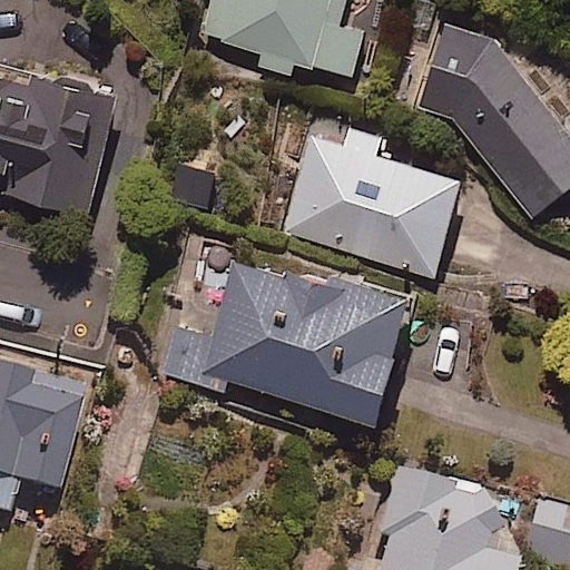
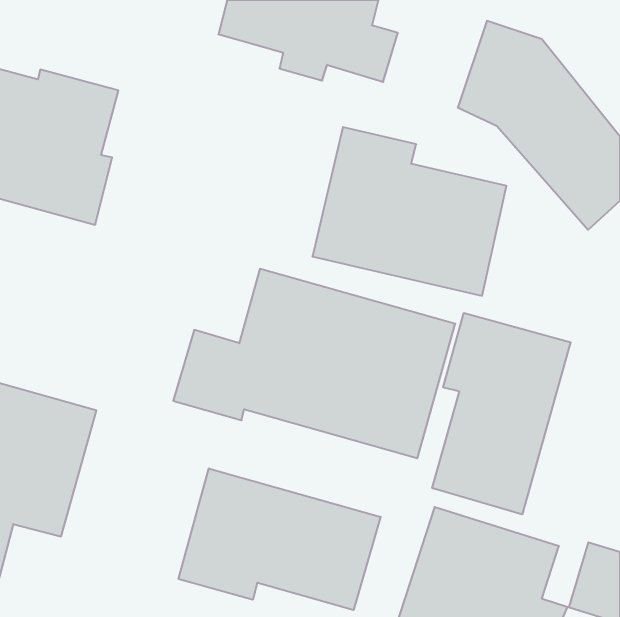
building: none -> [432,313,571,514]
building: none -> [179,468,381,610]

